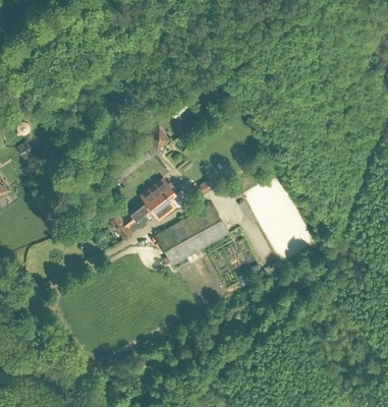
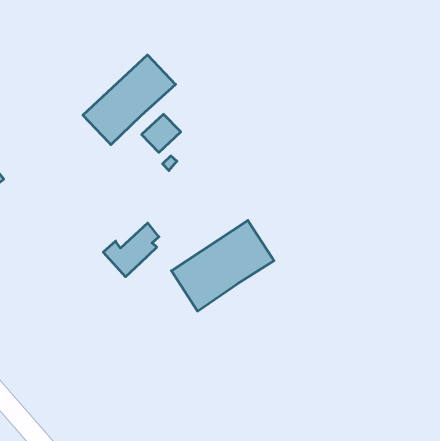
building: none -> [83,55,176,145]
building: [141,178,175,221] -> none

